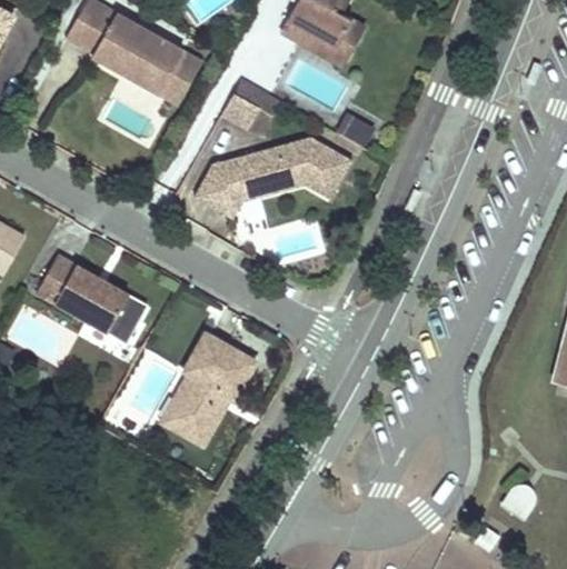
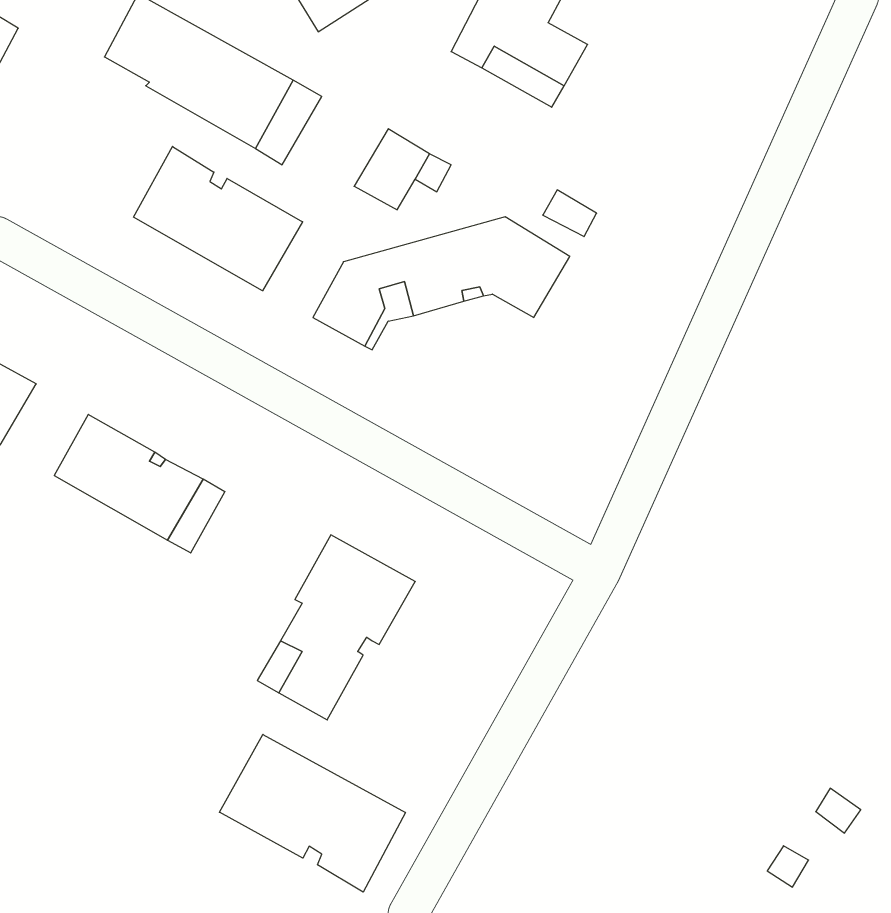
building: none -> [134,146,303,291]
building: none -> [219,734,405,892]

